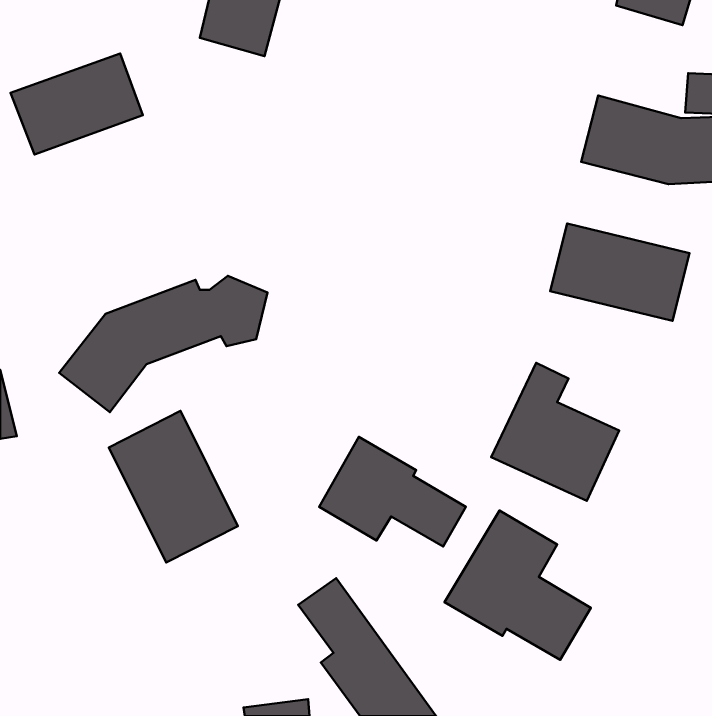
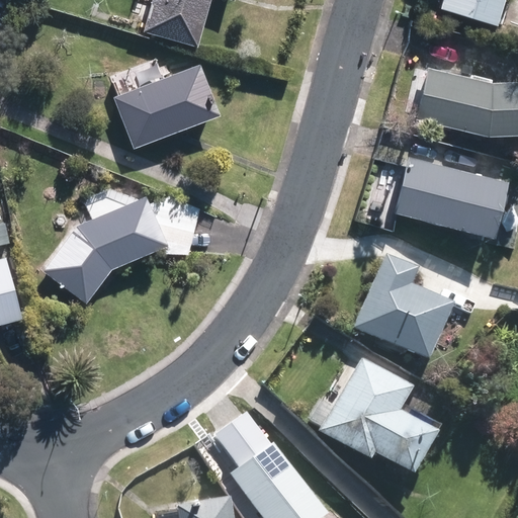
building: [11,53,143,155] -> [118,69,213,142]
building: [109,411,238,562] -> none
building: [319,437,466,546] -> none

